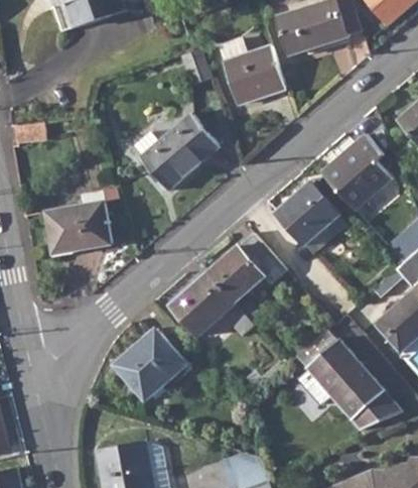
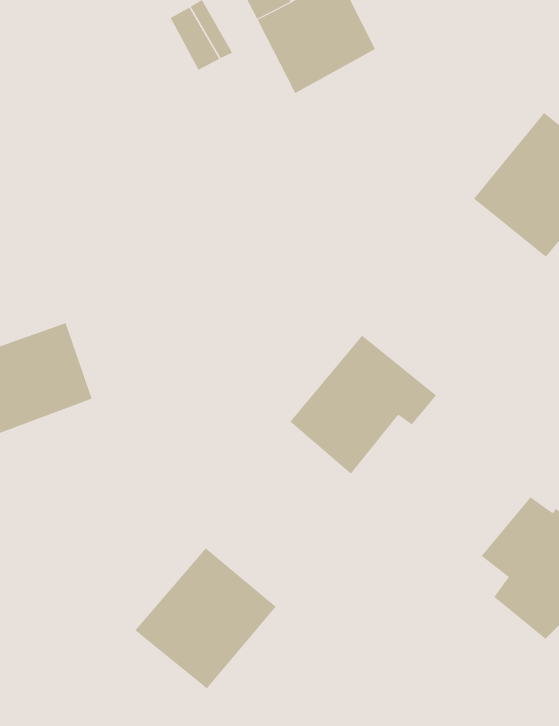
building: [141,116,220,190] -> none
building: [276,181,347,254] -> none
building: [170,272,236,337] -> none

